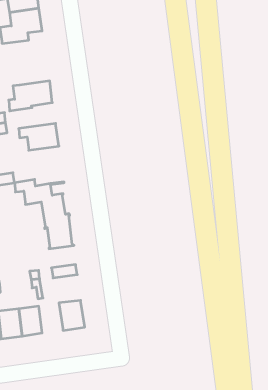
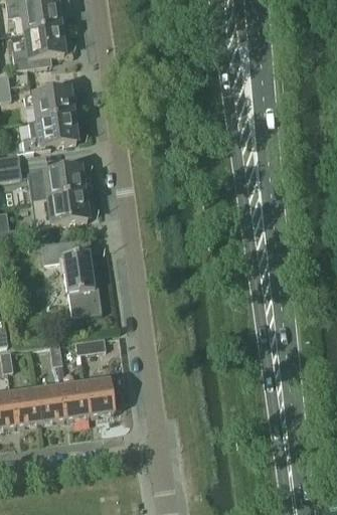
building: none -> [25,89,73,120]
building: none -> [42,193,88,225]
building: none -> [60,382,90,418]

